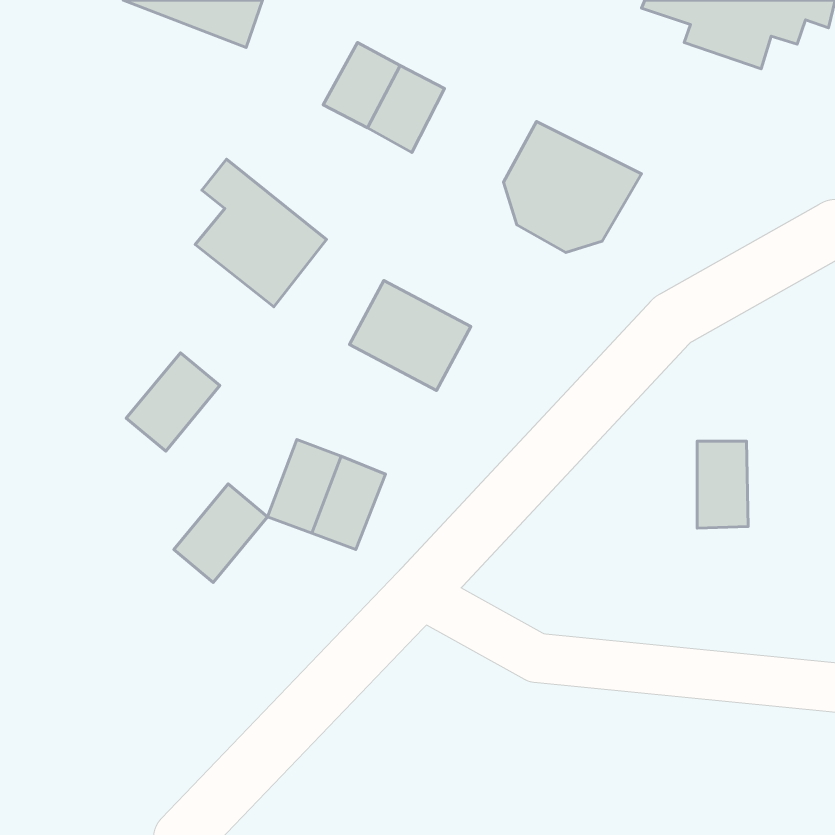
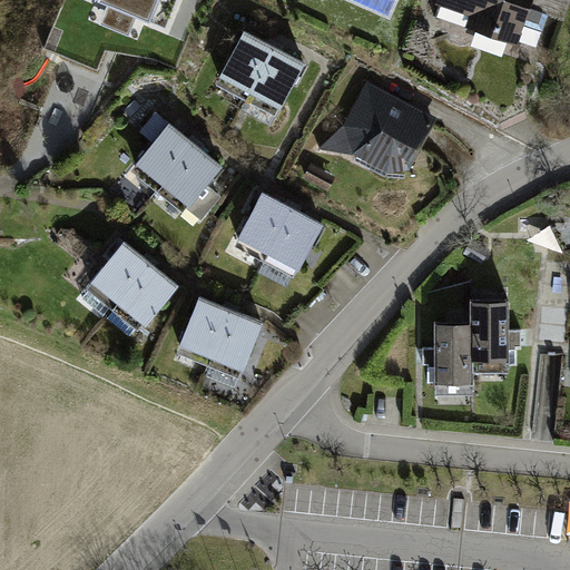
building: none -> [433,321,473,385]
building: [174,484,267,582] -> [112,264,176,331]

